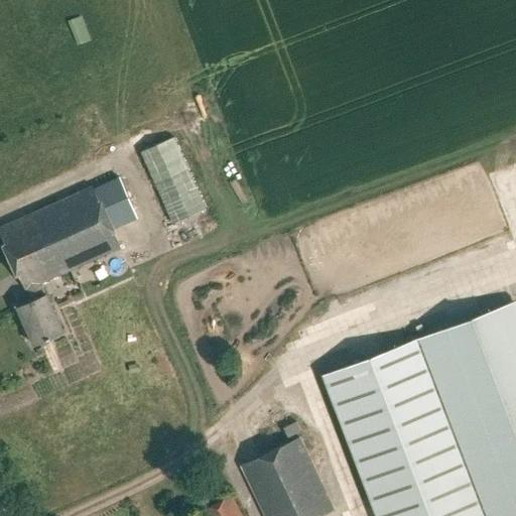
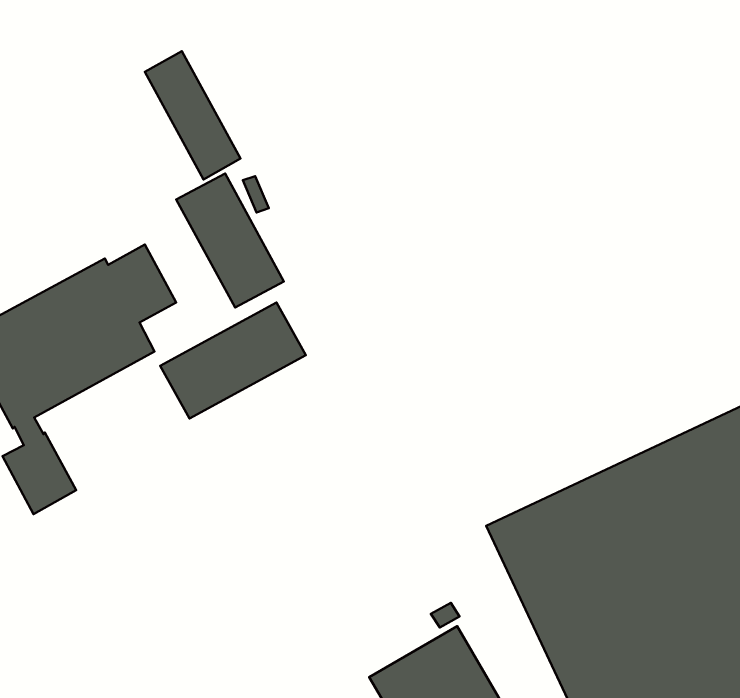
building: none -> [145,51,241,179]
building: none -> [160,303,306,418]

